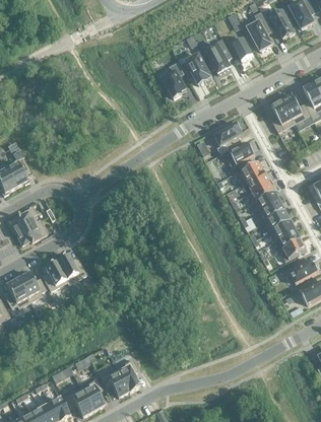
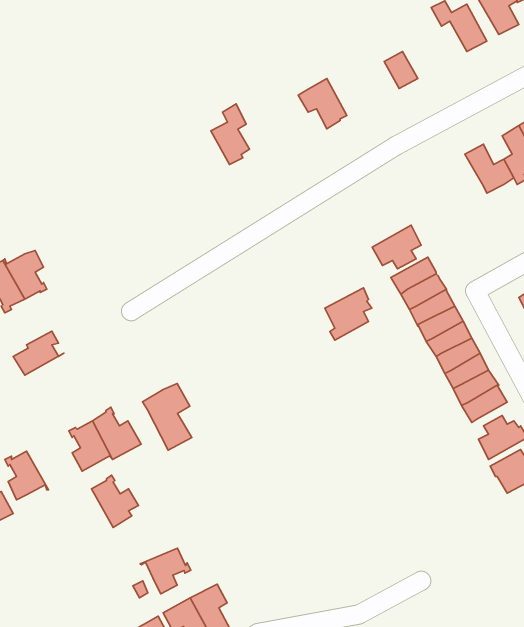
building: [248,10,272,49] -> none
building: [205,37,232,72] -> none
building: [163,60,186,96] -> [211,104,250,164]
building: [271,98,295,131] -> none
building: [214,121,243,152] -> [325,288,372,340]
building: [16,218,47,242] -> none
building: none -> [143,383,192,450]
building: [17,269,46,300] -> [91,475,139,528]
building: none -> [140,548,191,594]

